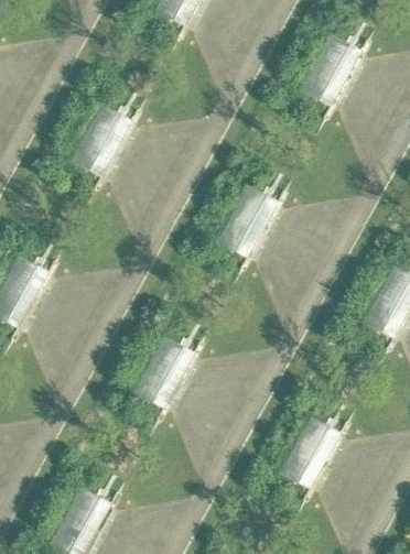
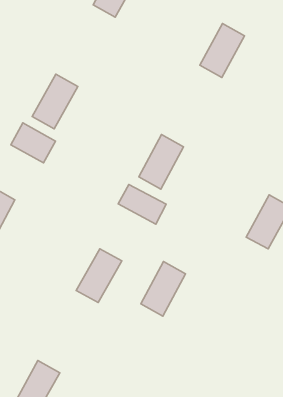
building: none -> [11,123,55,163]
building: none -> [118,185,166,224]
building: [274,417,335,491] -> [141,261,186,316]

